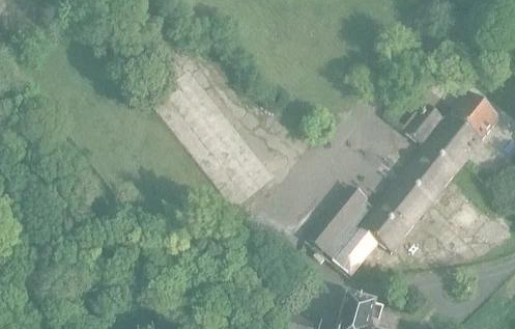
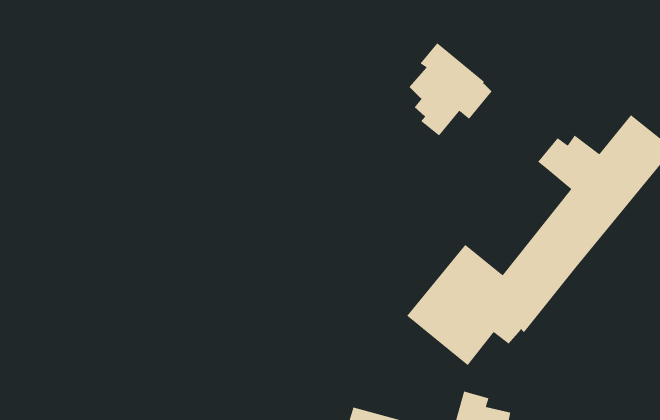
building: none -> [408,42,492,136]

